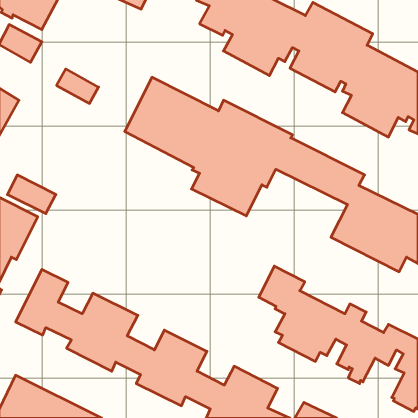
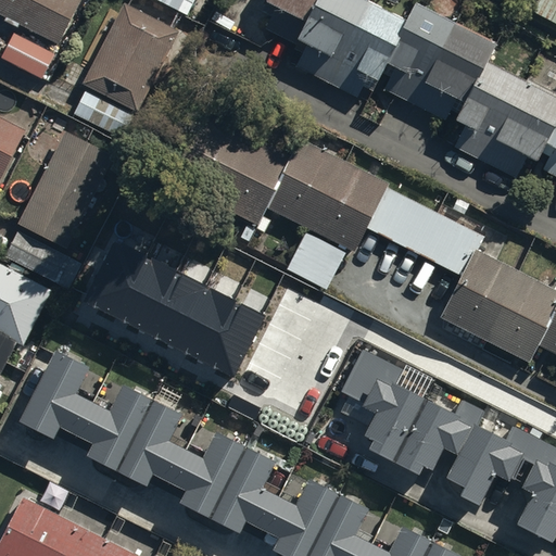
building: none -> [84,5,175,108]
building: none -> [21,129,116,247]
building: none -> [83,239,263,375]

